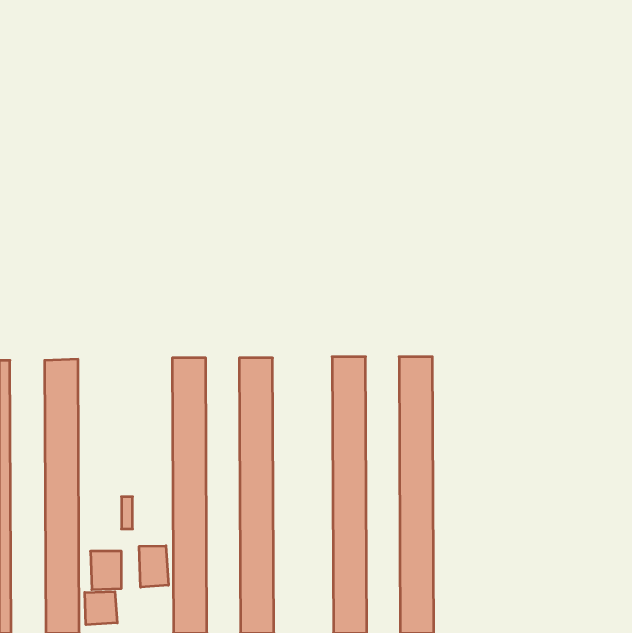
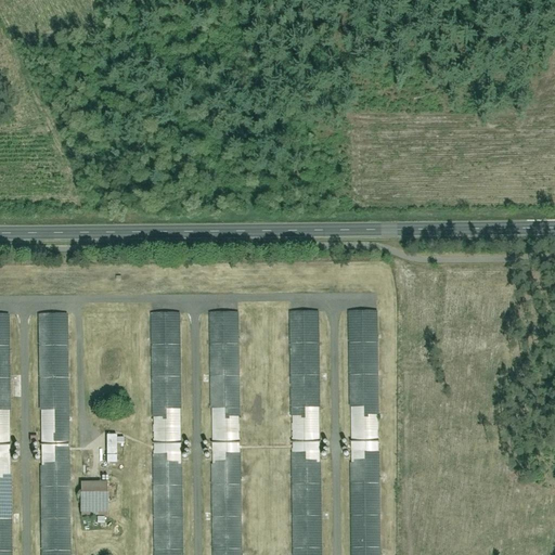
building: [139,546,168,587] -> none
building: [85,592,117,625] -> none

